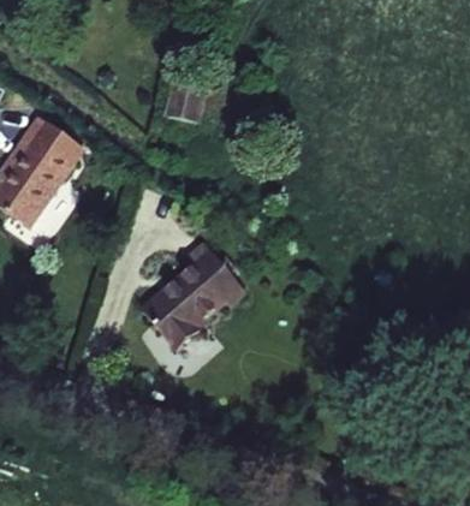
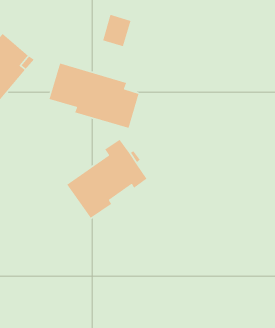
building: none -> [48,62,140,129]

